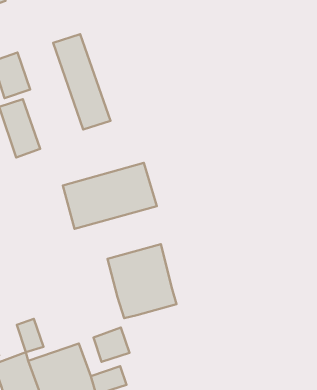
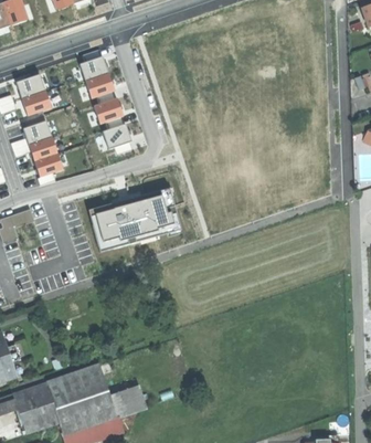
building: [108,244,176,318] -> none
building: [17,319,44,352] -> none
building: [93,328,130,362] -> none

